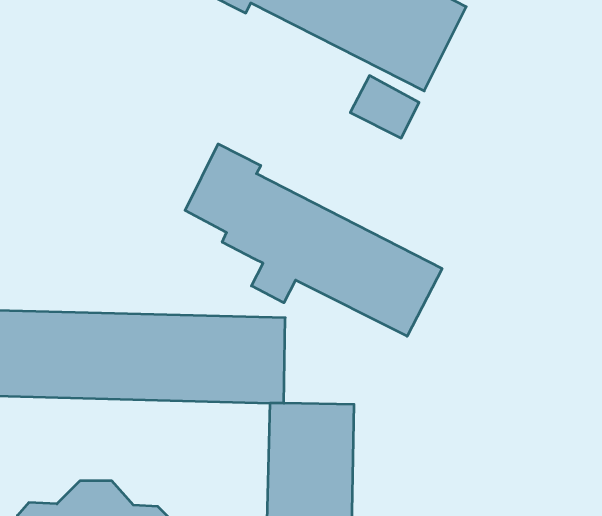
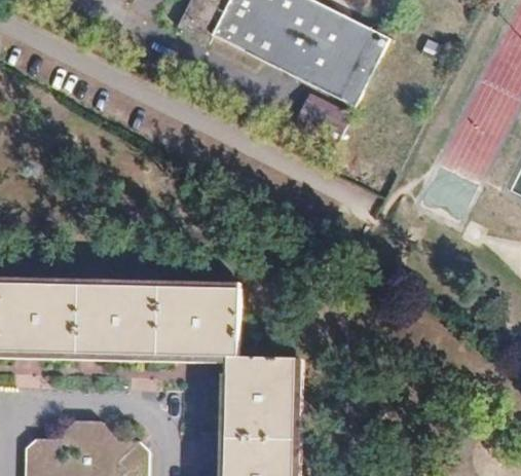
building: [185,144,442,336] -> none

